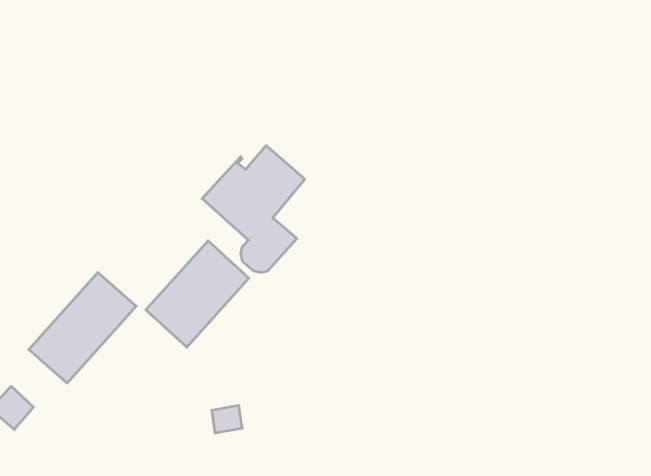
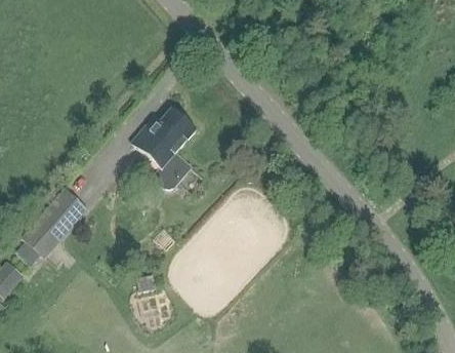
building: [146,241,249,347] -> none

